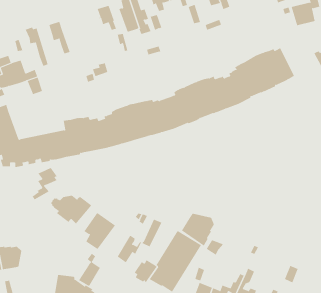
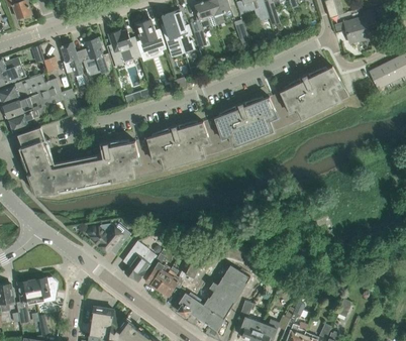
building: none -> [107,30,140,65]
building: [32,167,58,200] -> none
building: [181,213,215,247] -> none
building: [78,253,101,287] -> [145,252,170,289]

